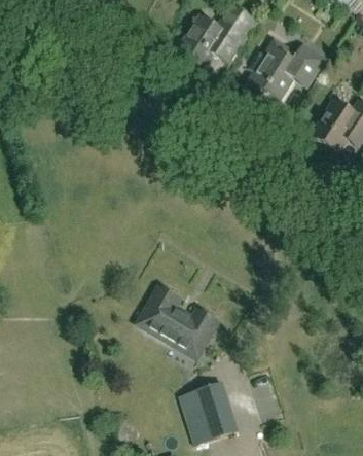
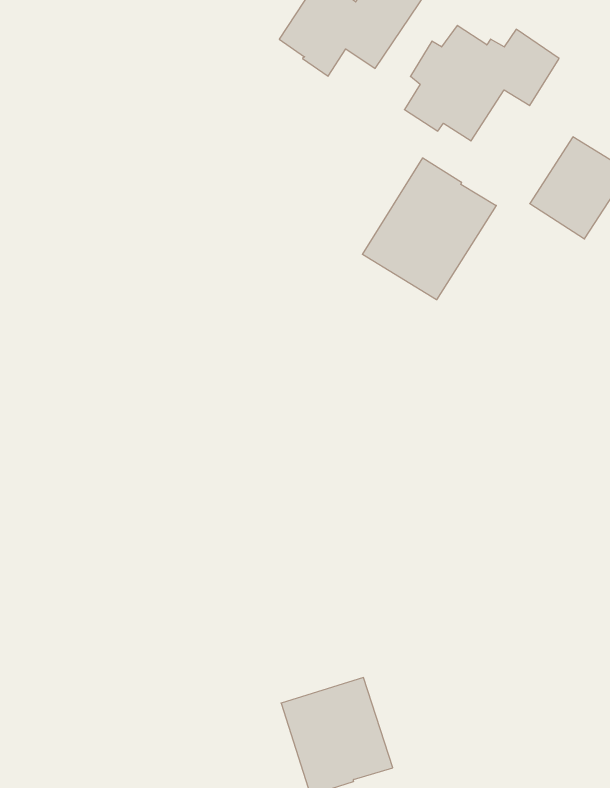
building: none -> [362,158,496,300]
building: [140,286,217,354] -> none

